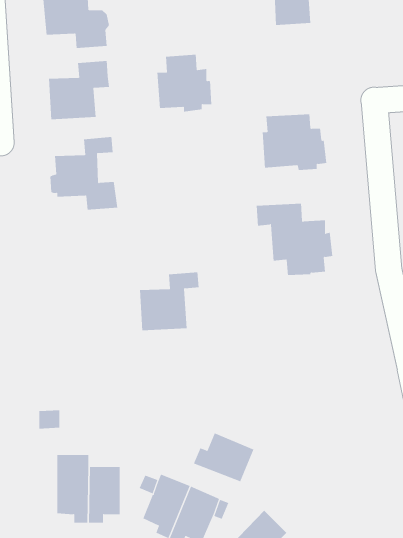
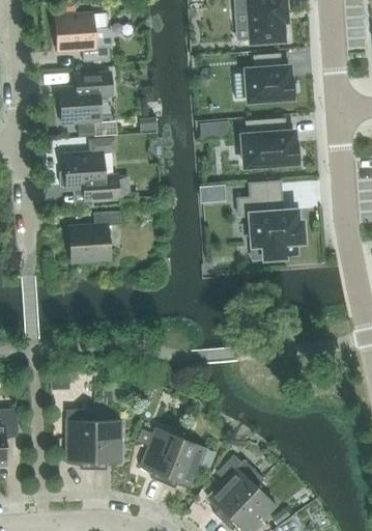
building: [157,54,212,112] -> [246,53,293,103]
building: [139,272,199,331] -> [68,212,120,262]
building: [193,432,254,482] -> none

